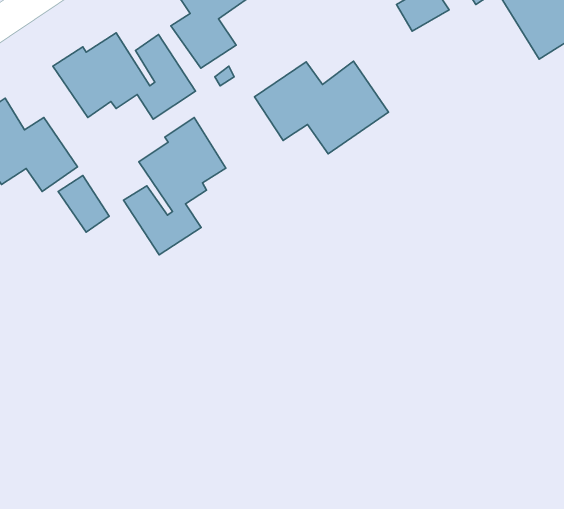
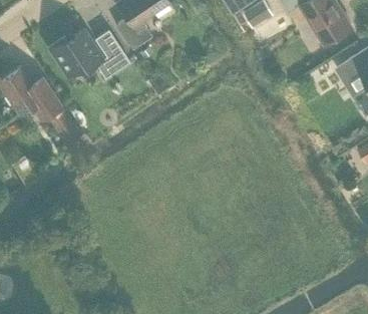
building: [254,61,389,154] -> none
building: [123,117,226,255] -> none

